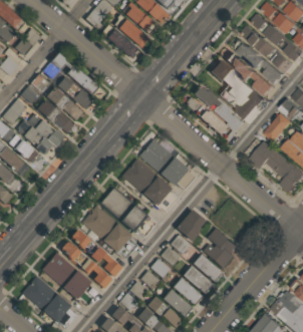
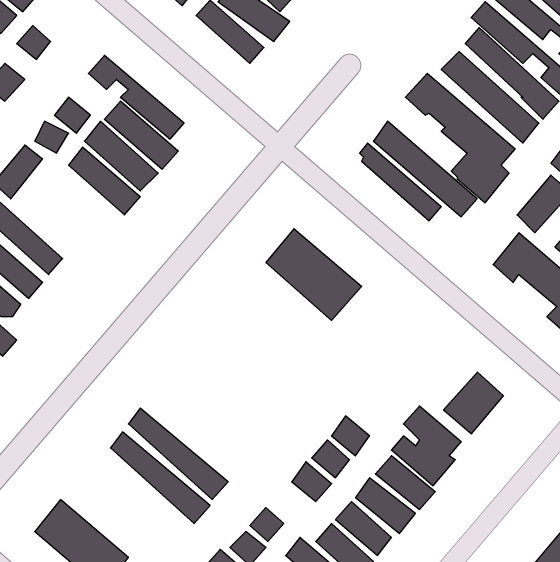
building: [16,111,63,153] -> none
building: [121,158,170,205] -> none
building: [99,188,156,237] -> none
building: [82,206,137,258] -> none
building: [175,209,205,240] -> [444,372,503,434]
building: [41,252,89,301] -> none

